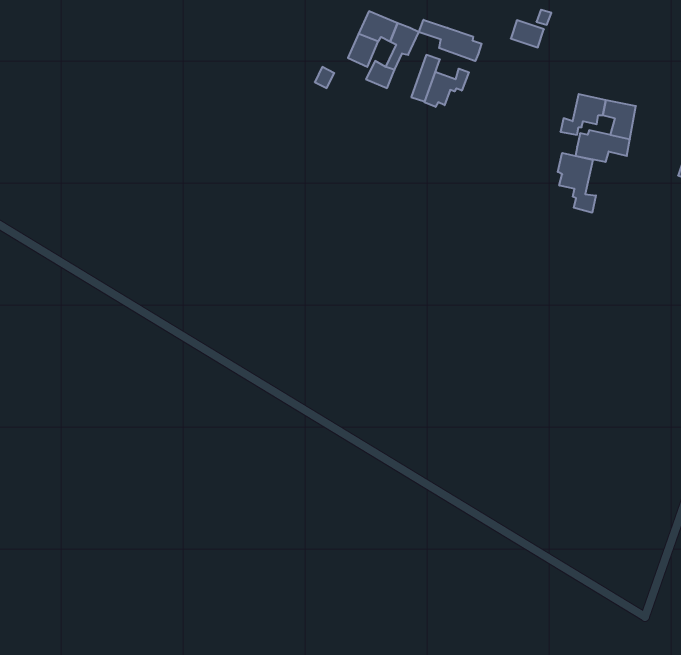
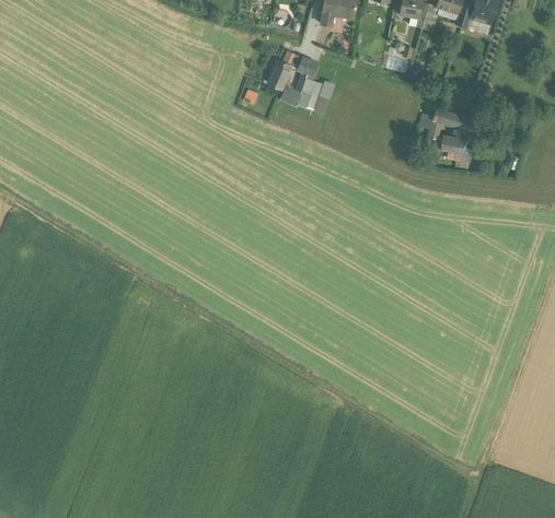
building: [419,20,482,61] -> none
building: [424,69,469,107] -> none
building: [558,153,596,213] -> none

